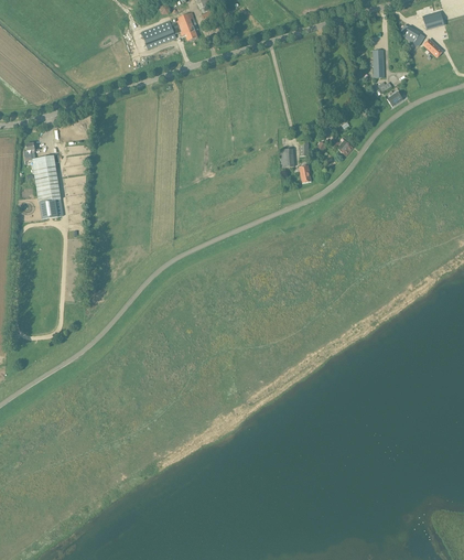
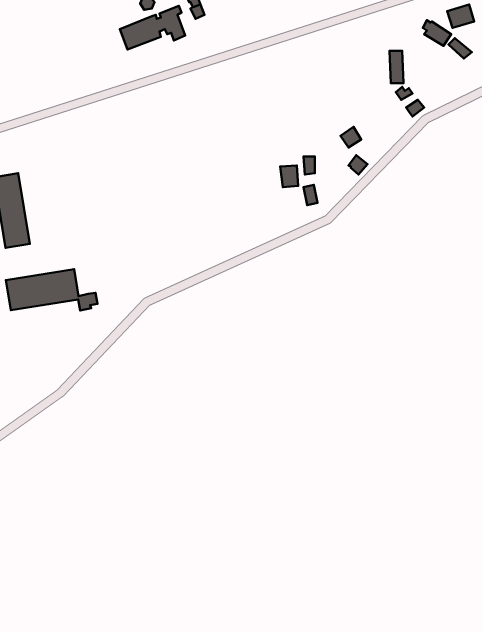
building: none -> [6,269,98,311]

